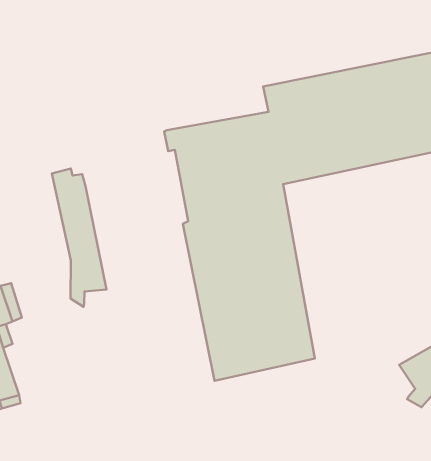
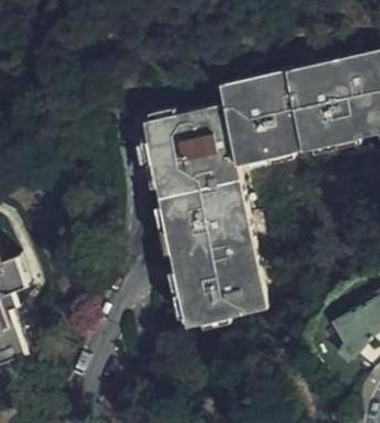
building: [52,168,106,307] -> none

